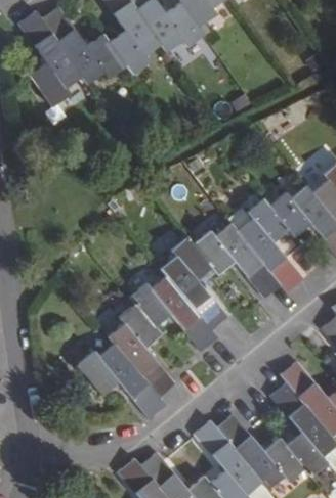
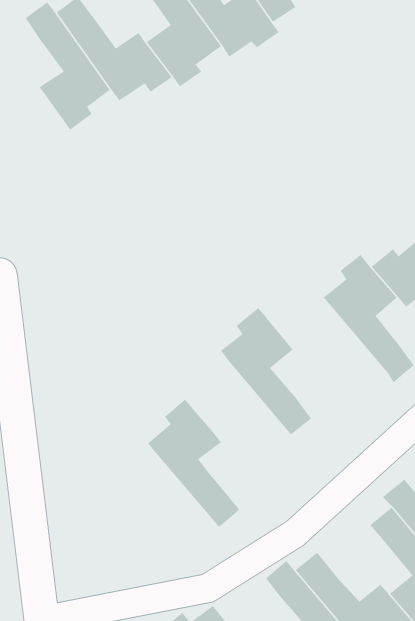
building: [195,223,282,297] -> none
building: [130,276,217,350] -> none
building: [78,343,166,417] -> none

